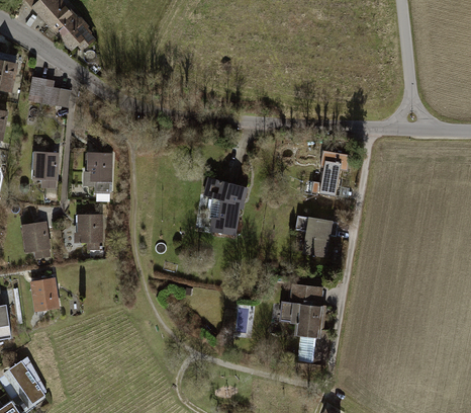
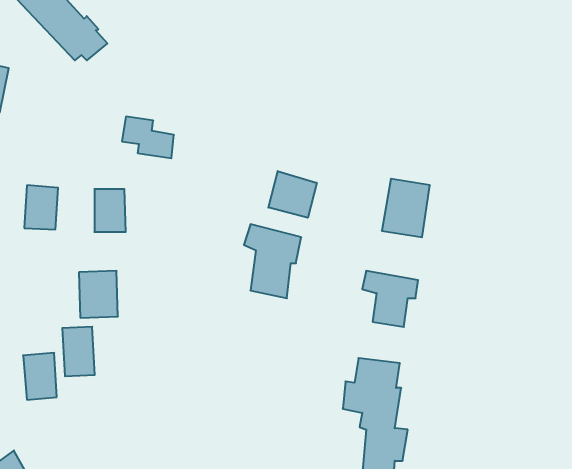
building: [30,77,71,109] -> [122,117,174,158]
building: none -> [268,171,317,218]
building: [23,221,49,259] -> [62,327,95,376]

